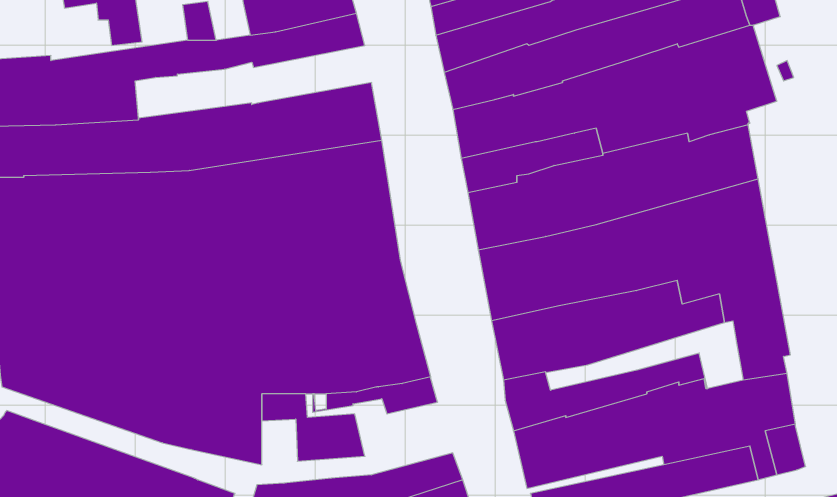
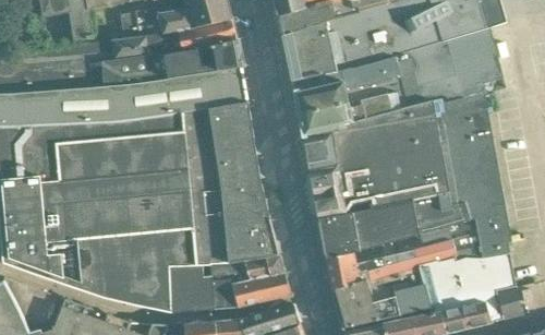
building: none -> [101,41,241,83]
building: none -> [452,234,481,263]
building: none -> [229,270,290,307]
building: none -> [170,283,193,312]

